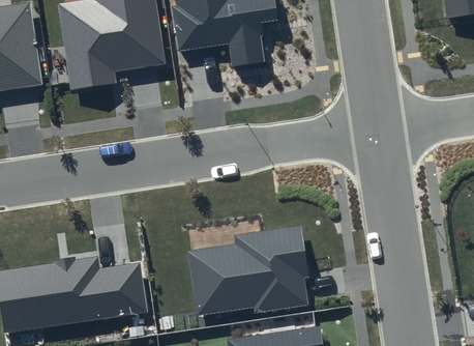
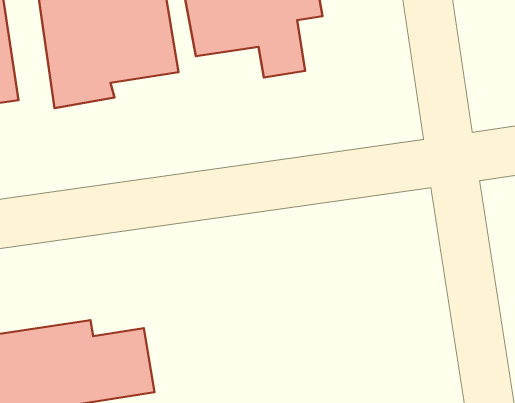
building: [188,225,308,316] -> none

